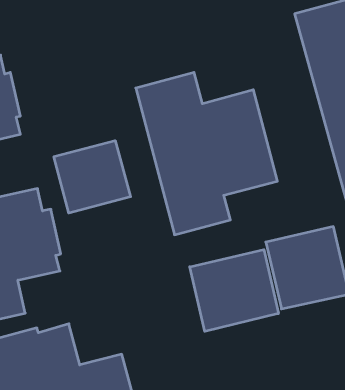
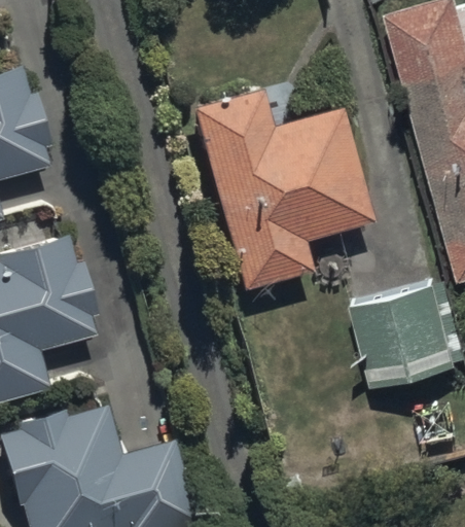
building: [54,141,131,213] -> none
building: [190,250,278,331] -> none

